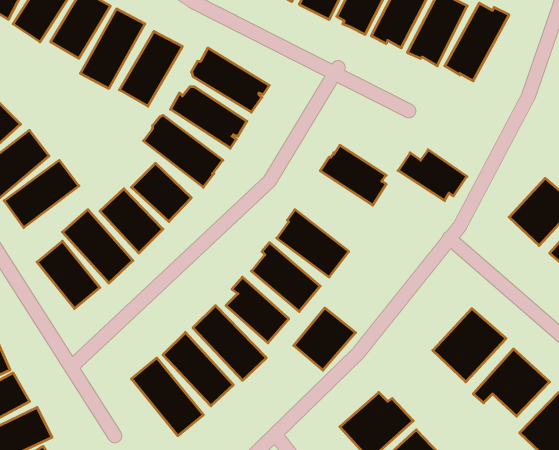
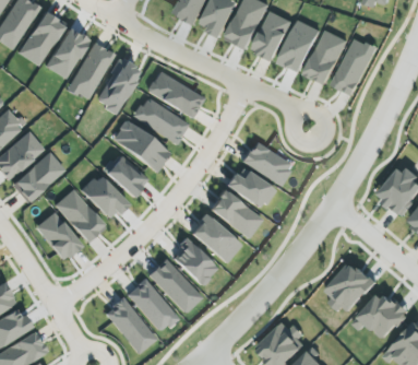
building: [398,150,467,201] -> [224,170,274,208]
building: [294,308,356,370] -> none

